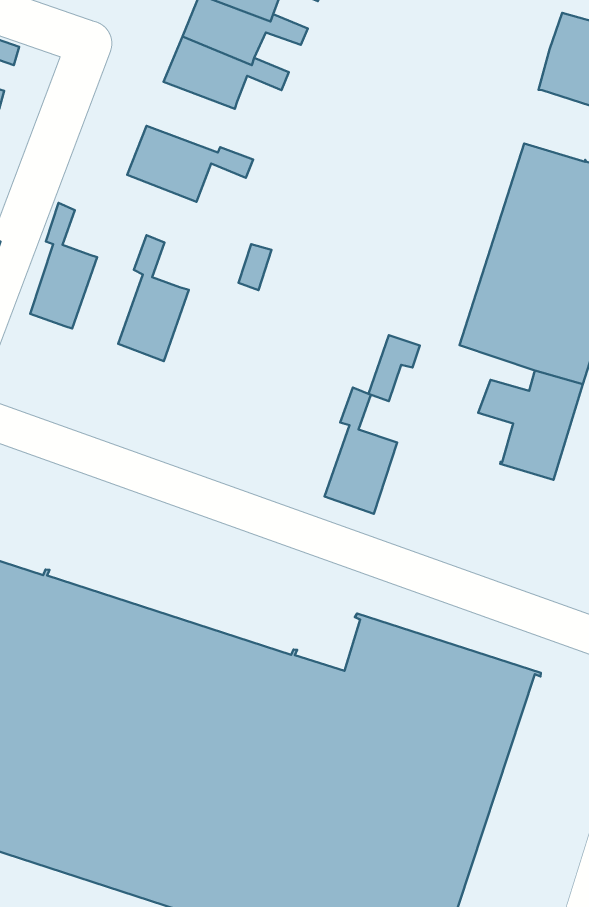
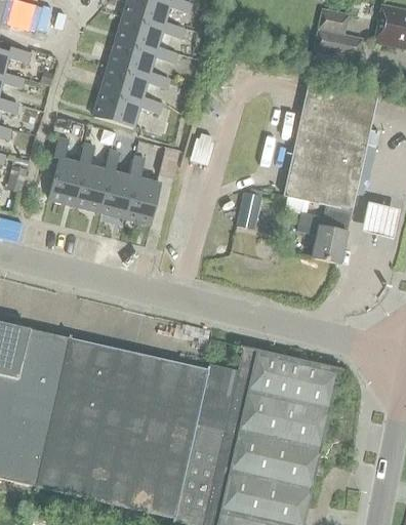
building: none -> [102,65,169,100]
building: none -> [71,143,107,209]
building: [324,388,397,514] -> [122,156,159,224]

